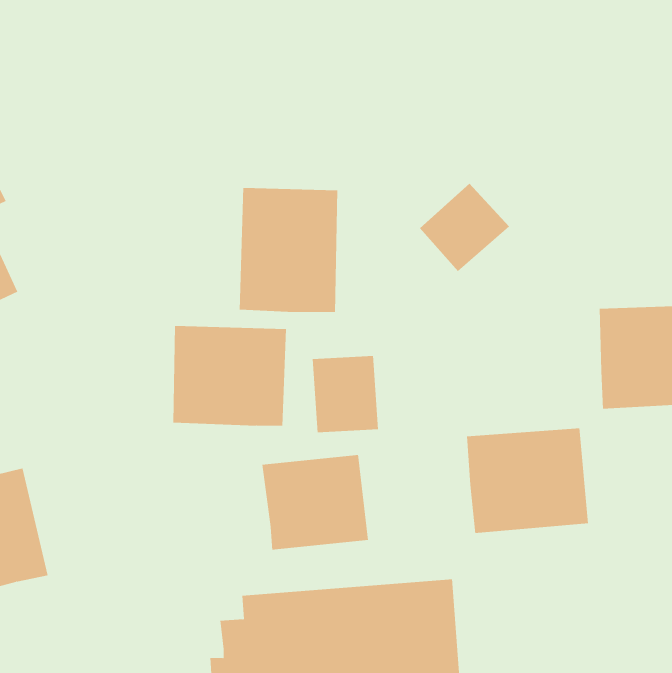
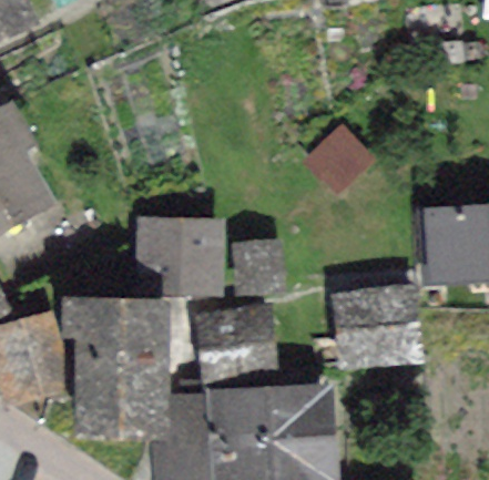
building: [239,187,338,313] -> none
building: none -> [69,299,163,432]

